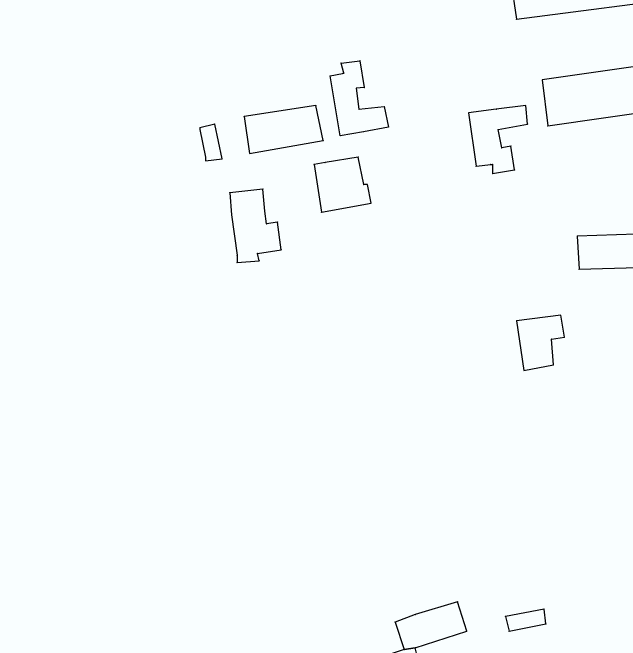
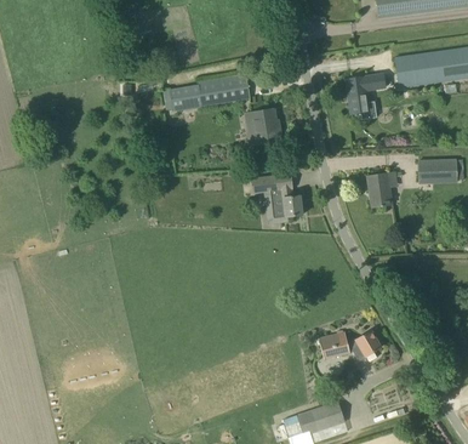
building: [330,61,388,136] -> none
building: [230,189,281,263] -> [268,173,302,222]
building: [517,315,564,370] -> [366,171,398,207]
building: none -> [318,330,379,362]

